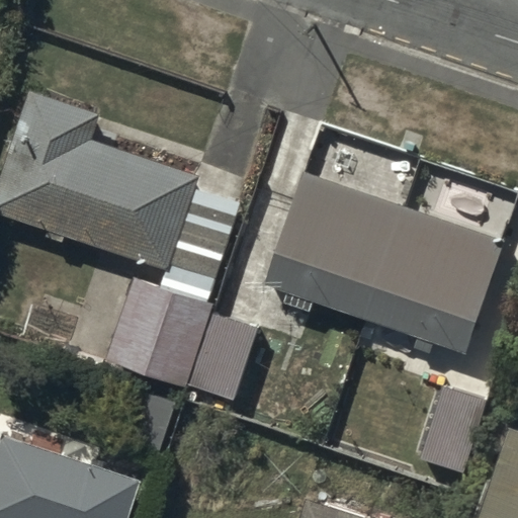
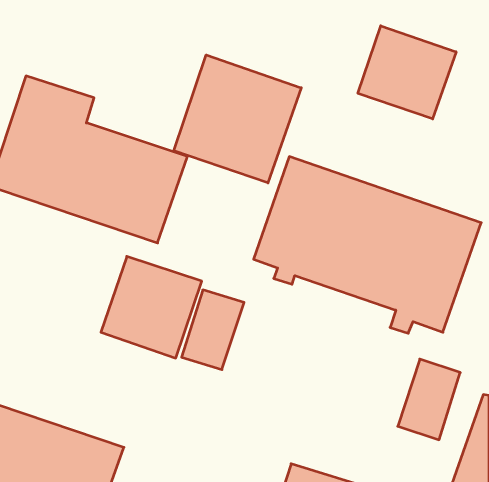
building: none -> [358,26,456,119]
building: none -> [174,55,301,183]

